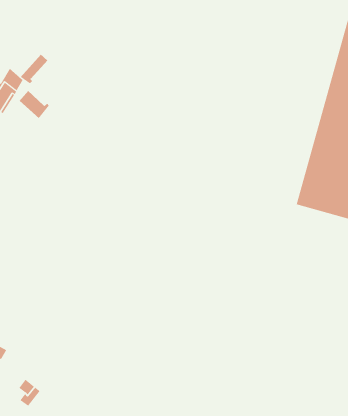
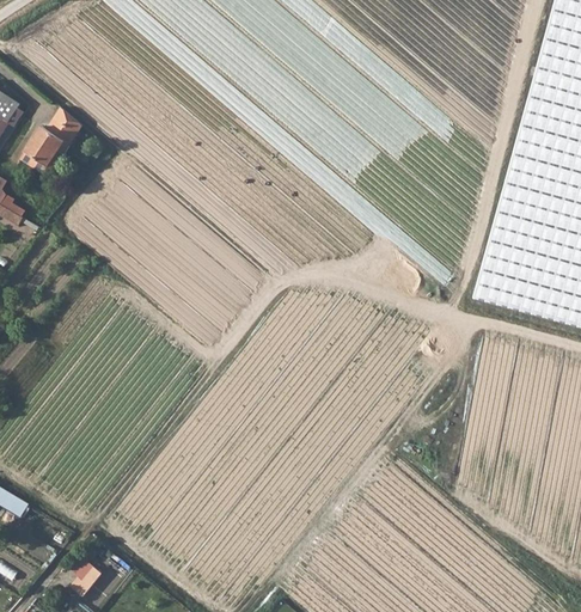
building: [20,54,48,84] -> none
building: [19,90,49,119] -> none

